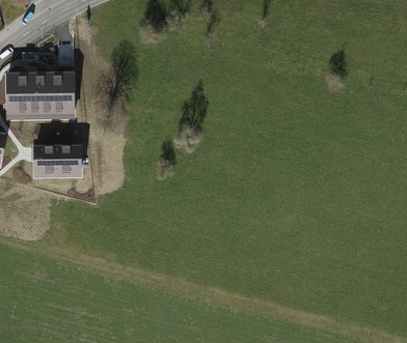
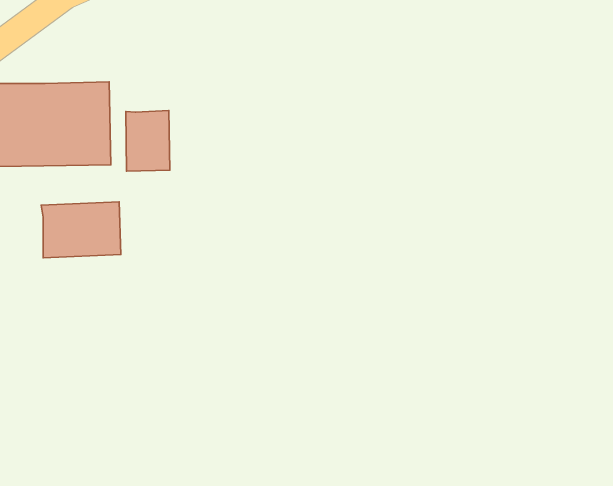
building: none -> [126,110,170,171]

